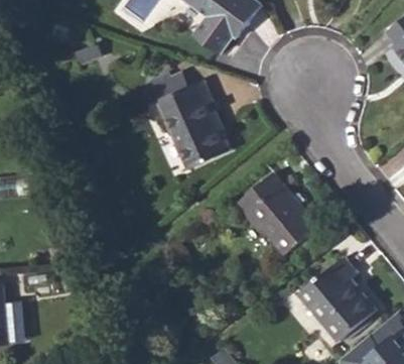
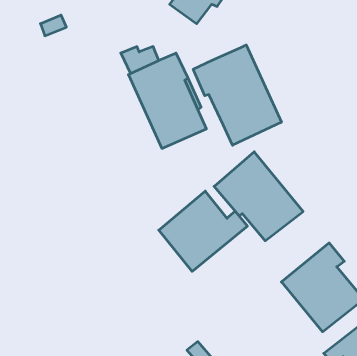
building: none -> [193,45,281,145]
building: none -> [159,191,247,271]

